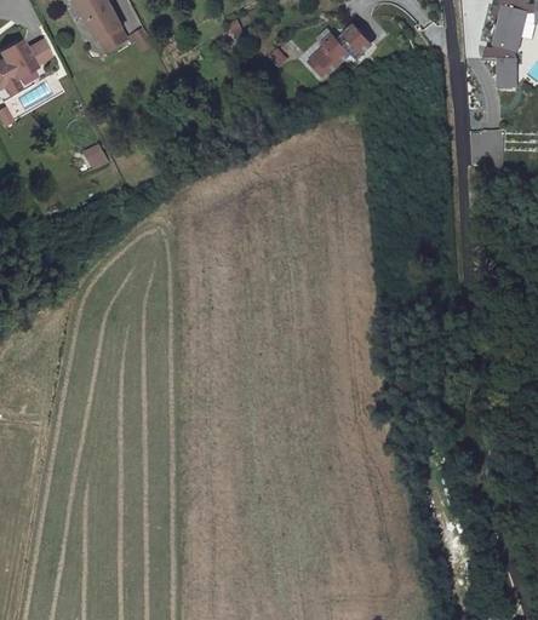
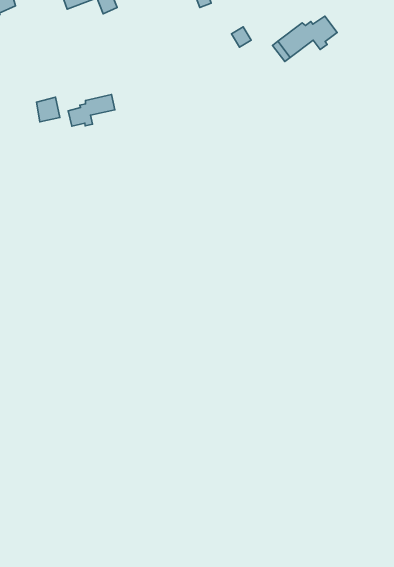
building: none -> [68,94,115,126]

